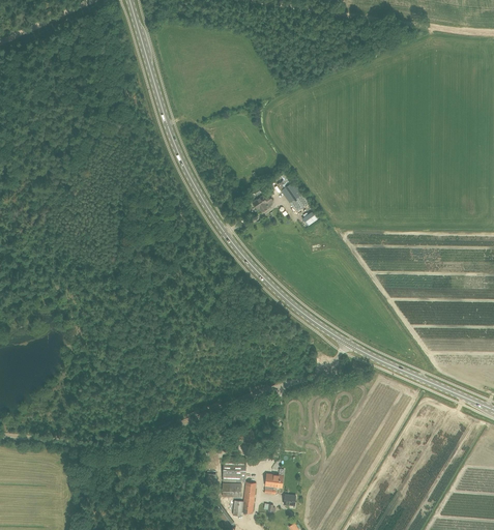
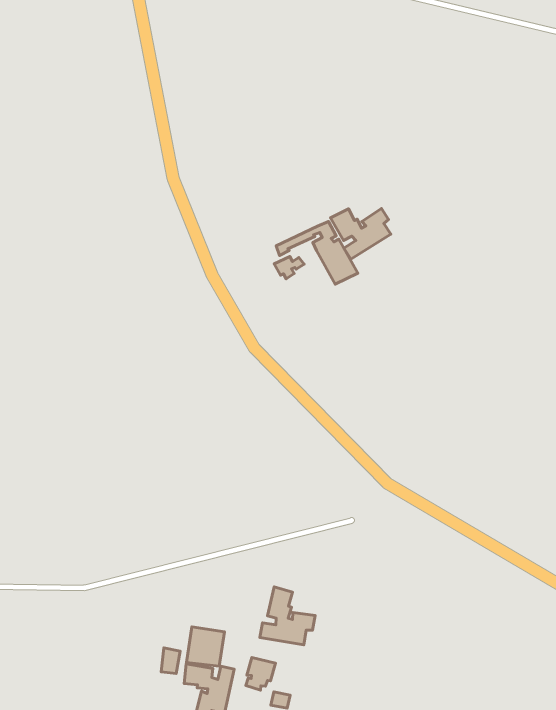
building: none -> [330,209,391,259]
building: none -> [260,587,315,645]

